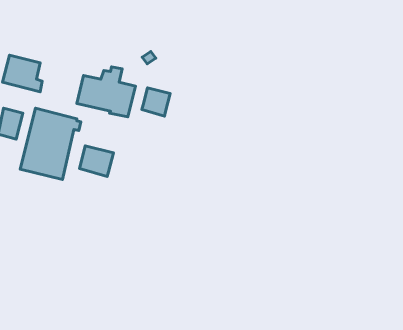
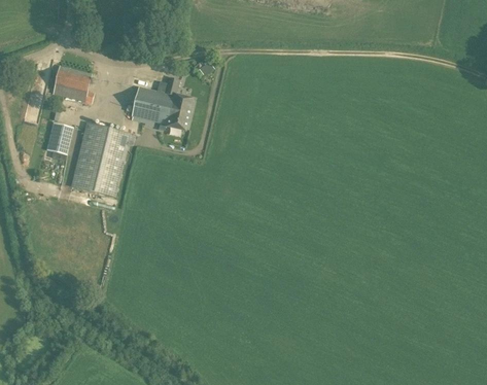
building: [142,88,170,116] -> none
building: [80,146,113,177] -> none

